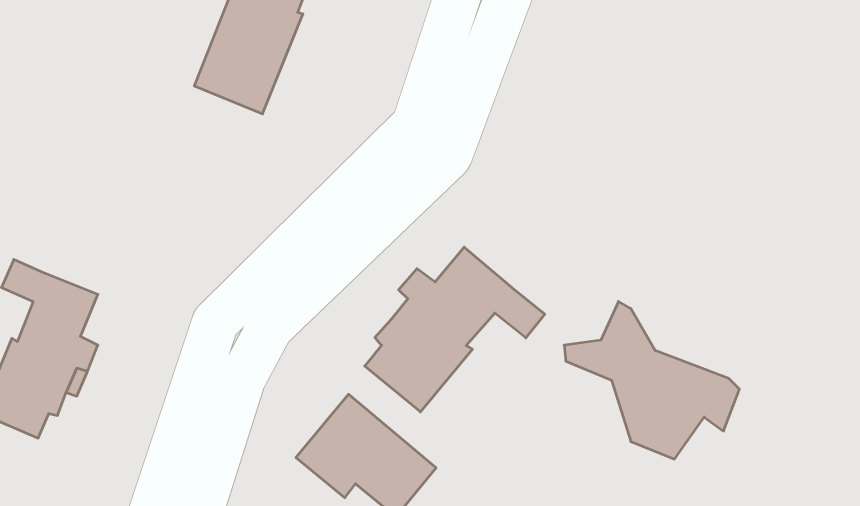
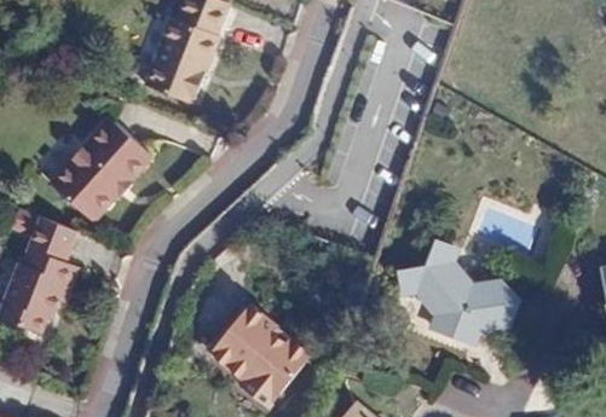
building: none -> [51,124,146,222]
building: [365,247,545,412] -> none

